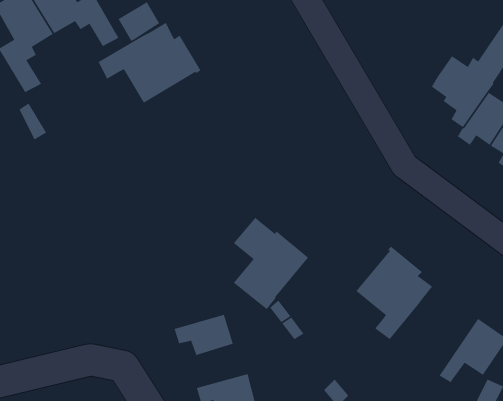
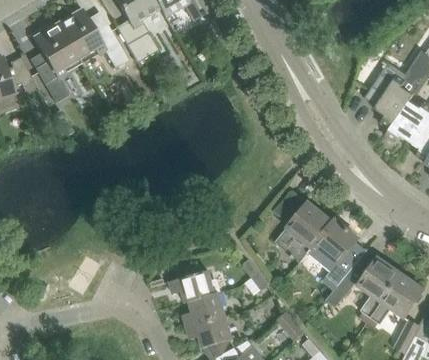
building: [97,22,201,103] -> none
building: [233,217,309,310] -> [275,192,333,263]
building: none -> [326,258,401,324]
building: none -> [183,292,226,327]

